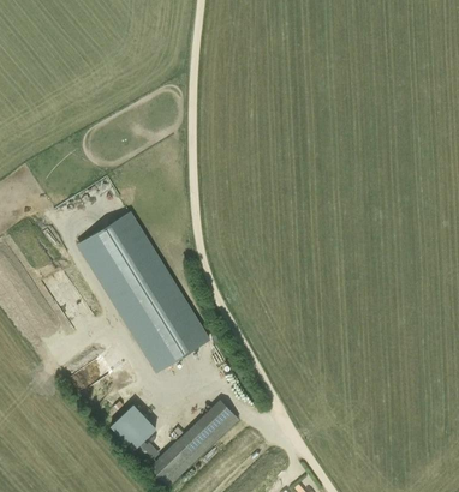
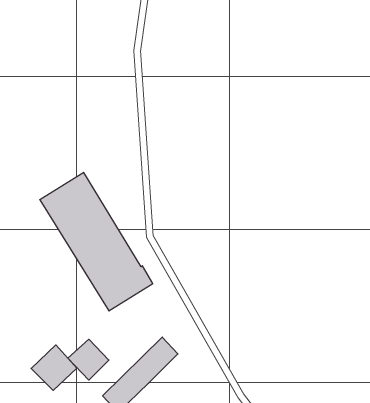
building: none -> [31,345,77,390]

